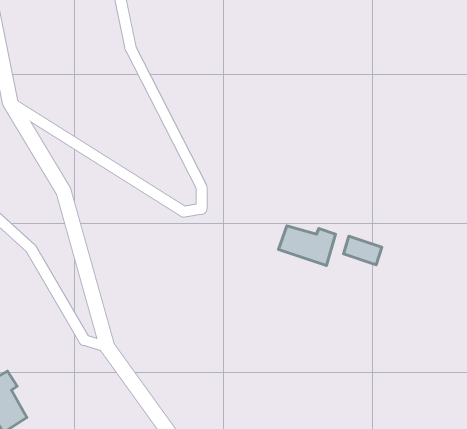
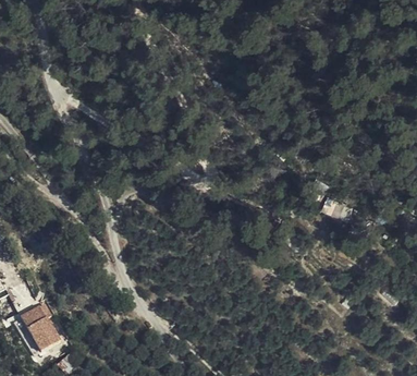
building: [278,226,336,266] -> none

